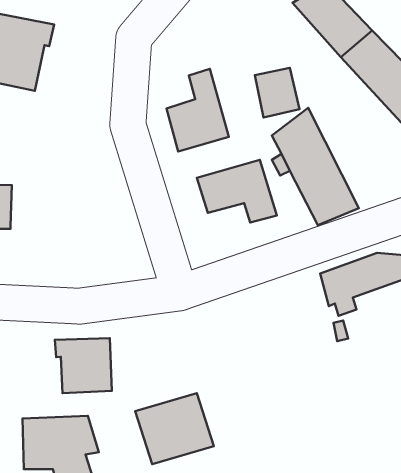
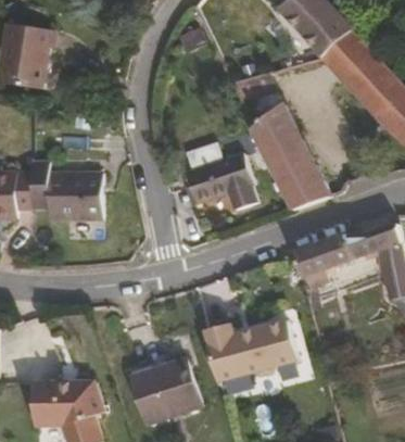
building: [166,69,229,151] -> none
building: none -> [21,163,92,220]
building: [55,338,112,393] -> none
building: none -> [211,311,306,381]

